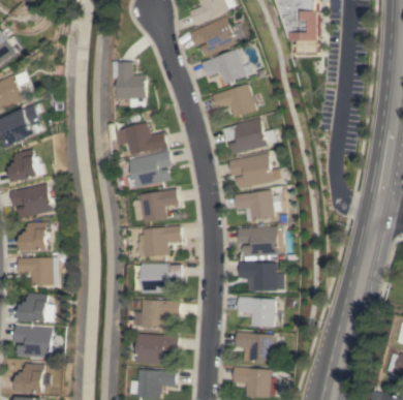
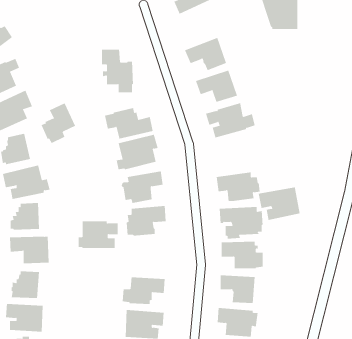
building: [188,16,237,57] -> none
building: none -> [41,103,76,144]
building: [227,153,272,188] -> [258,187,300,220]
building: [138,263,181,291] -> [78,221,118,249]

